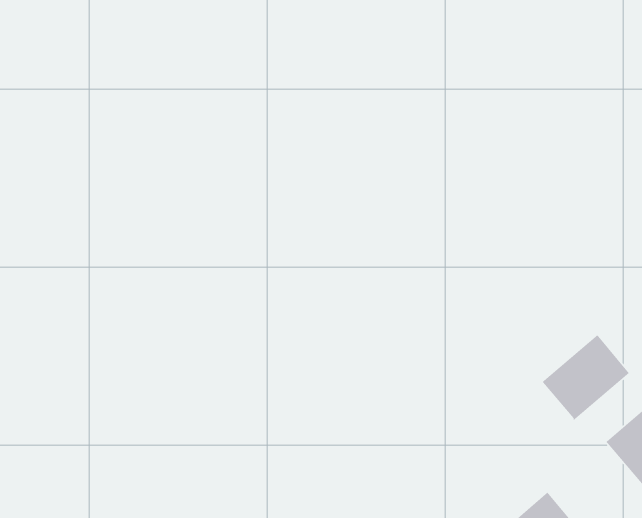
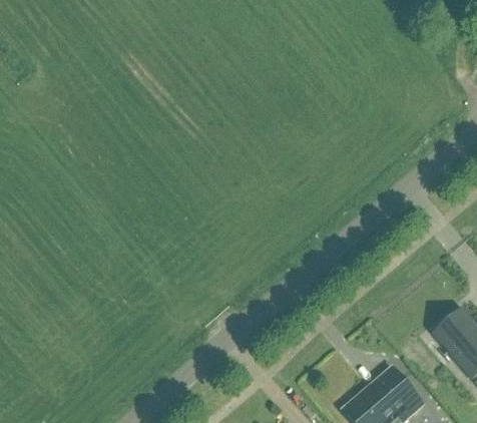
building: [541,334,630,421] -> none

